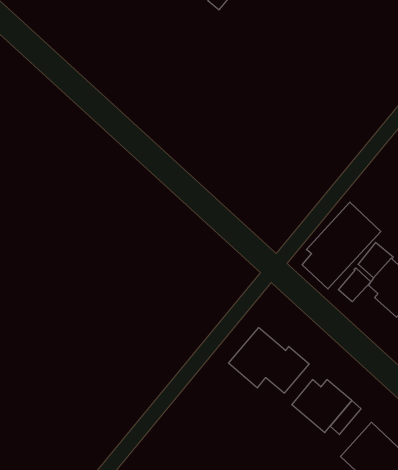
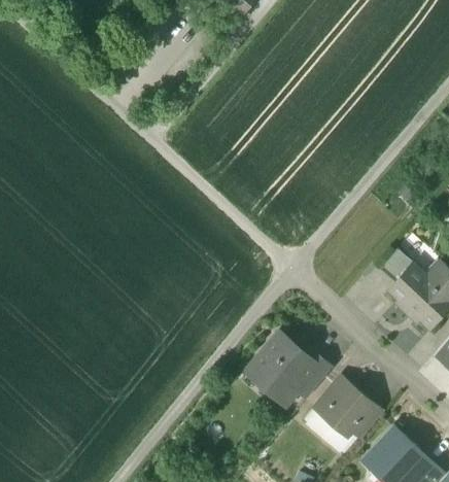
building: [302,202,381,289] -> none
building: [338,268,371,302] -> none

